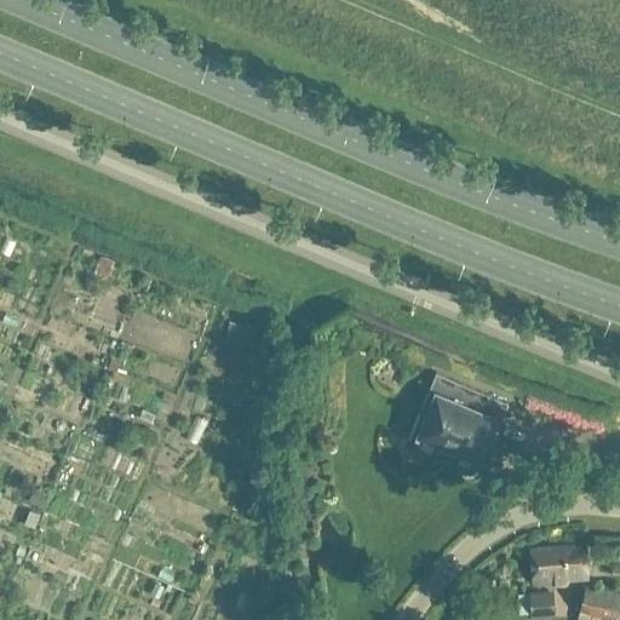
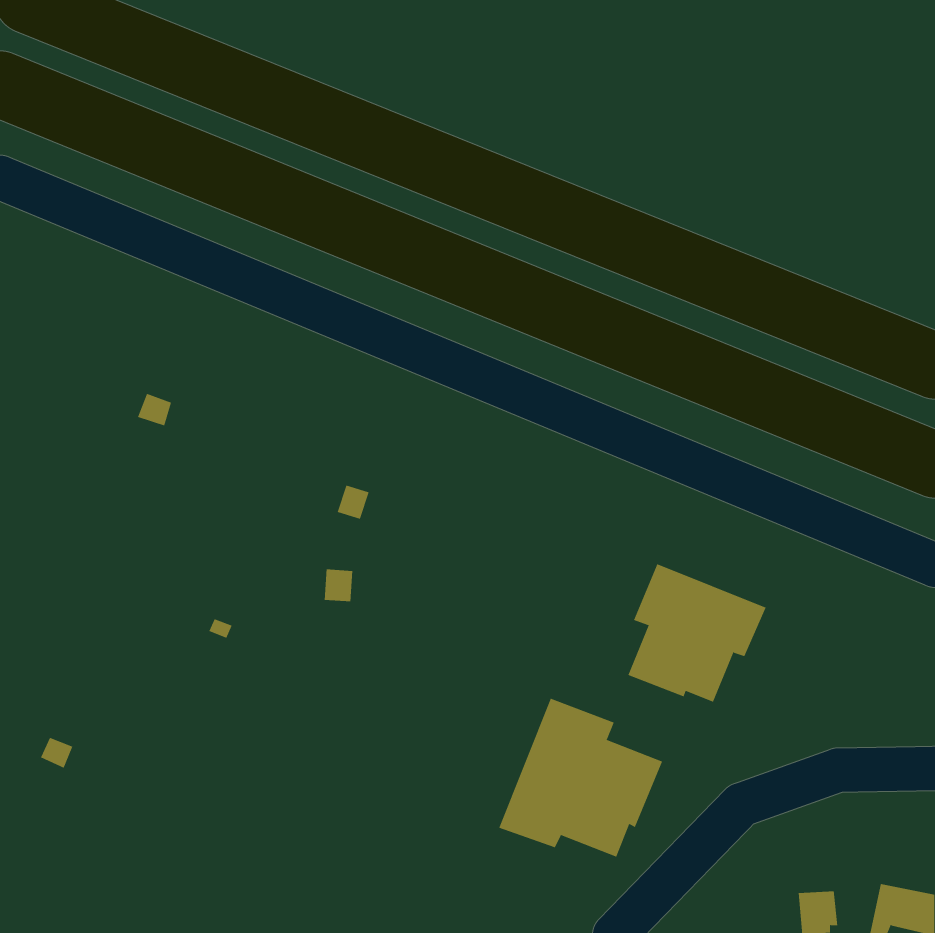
building: none -> [499,698,663,858]
building: [529,546,585,586] -> none

